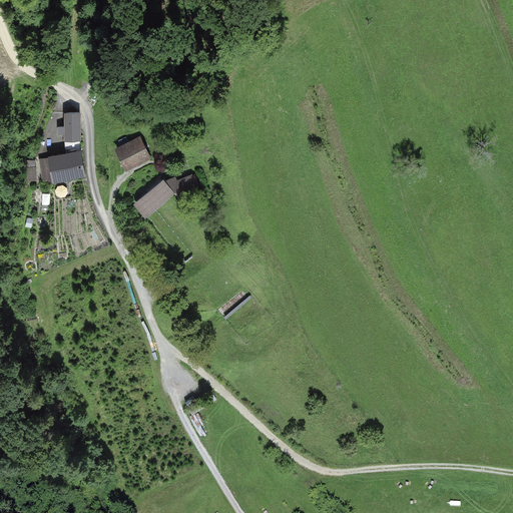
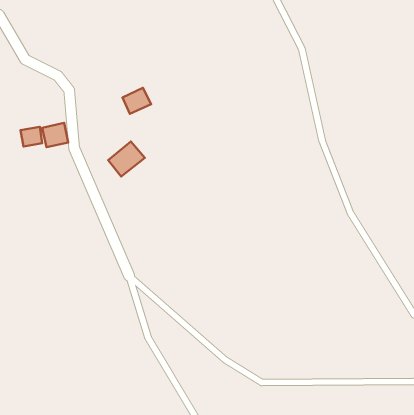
building: [64,112,80,140] -> none
building: [113,139,148,171] -> [123,88,151,114]

